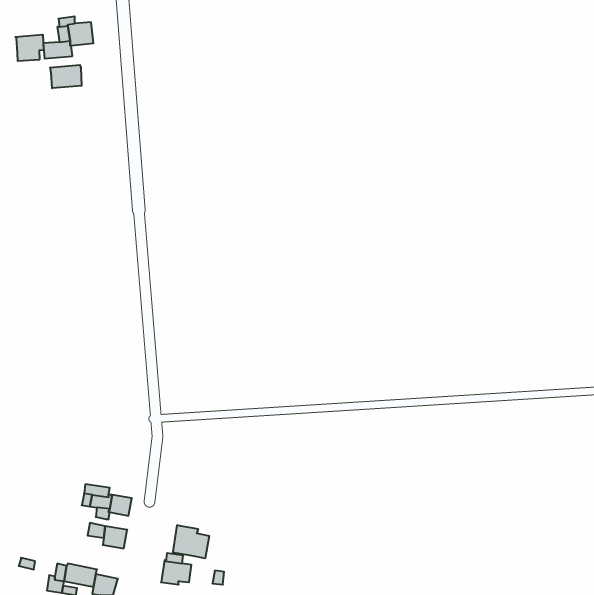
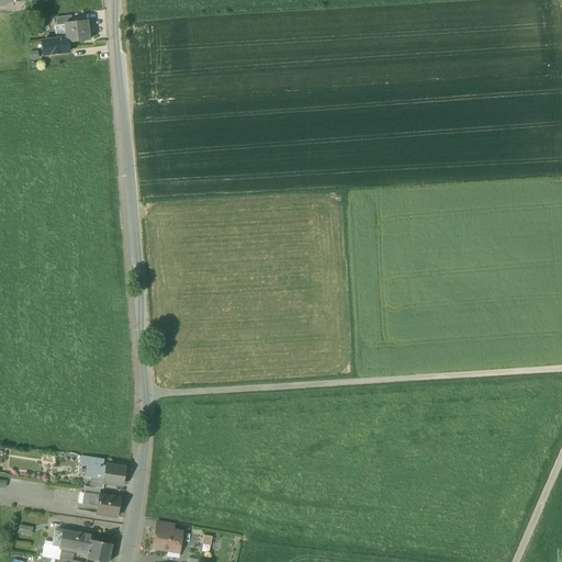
building: [15,35,44,61] -> none
building: [50,65,82,88] -> none
building: [173,525,209,558] -> none

